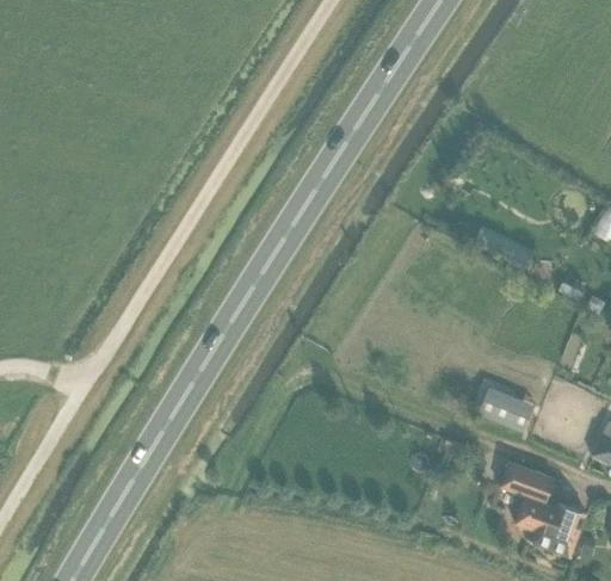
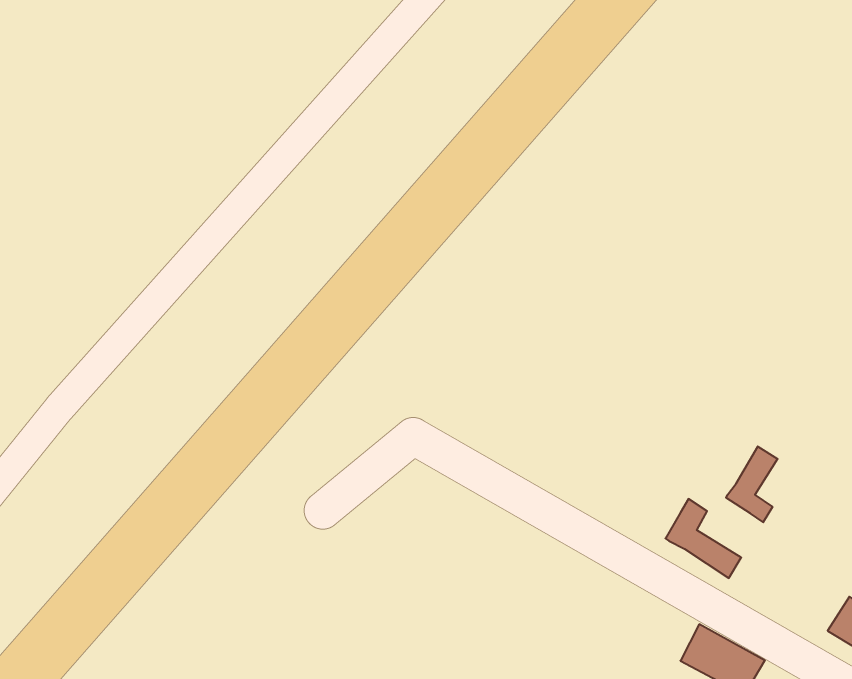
building: none -> [726,446,778,522]

